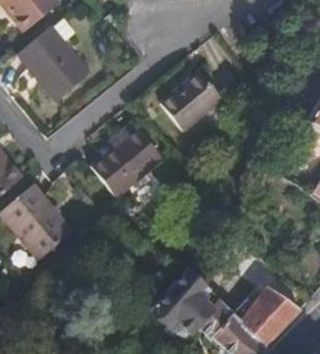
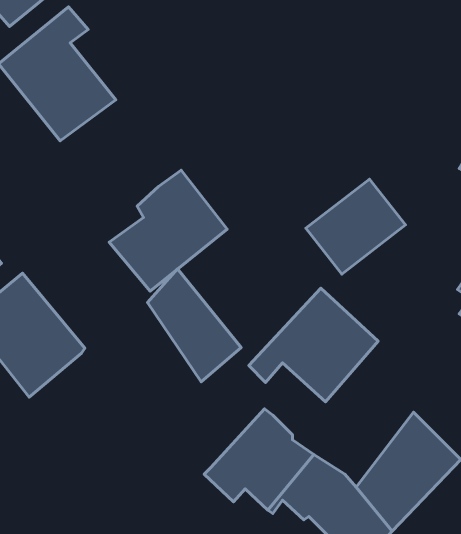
building: [157,73,220,133] -> [306,179,406,274]
building: none -> [148,269,241,382]
building: none -> [249,288,378,402]

